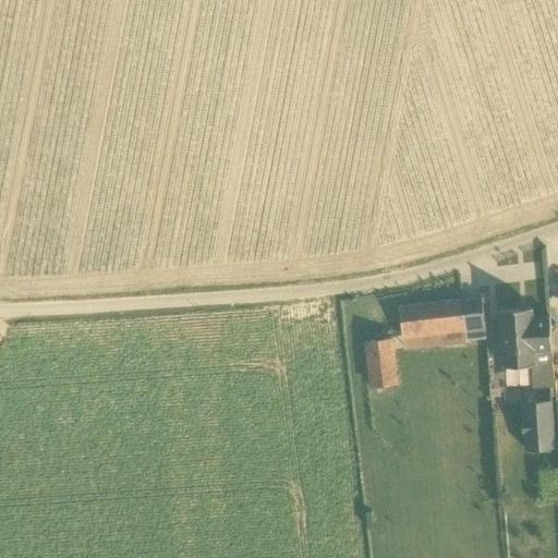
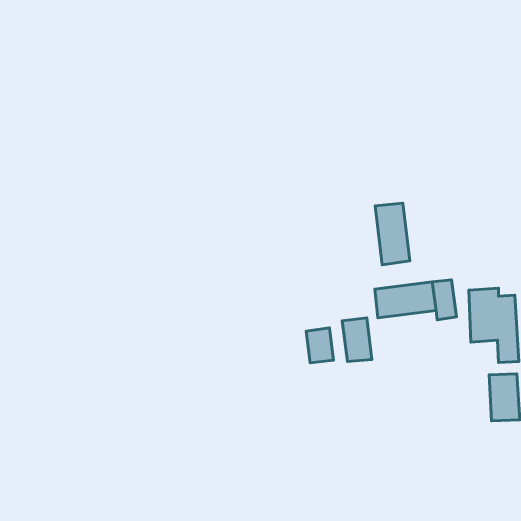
building: none -> [375,203,410,265]
building: none -> [306,328,334,363]

